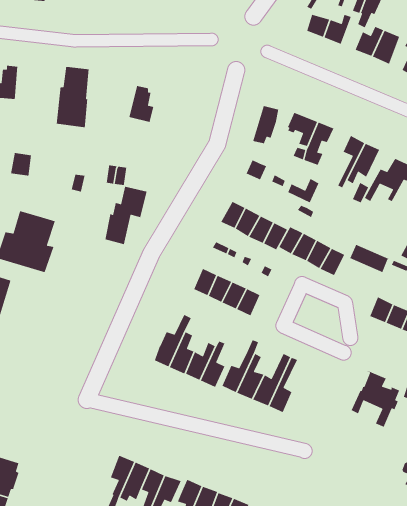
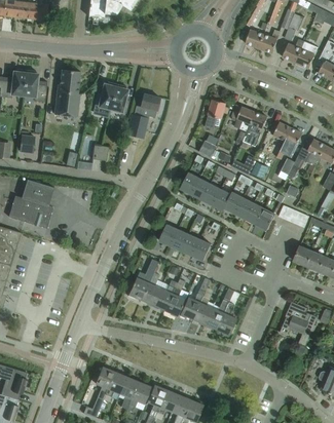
building: none -> [24,70,47,102]
building: none -> [95,81,116,118]
building: [104,186,147,245] -> [127,93,160,139]

